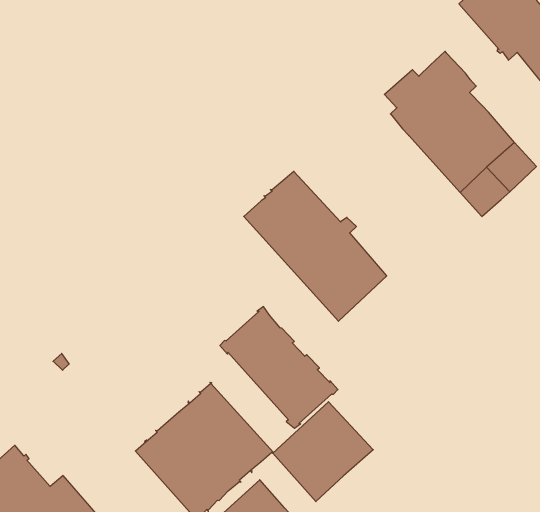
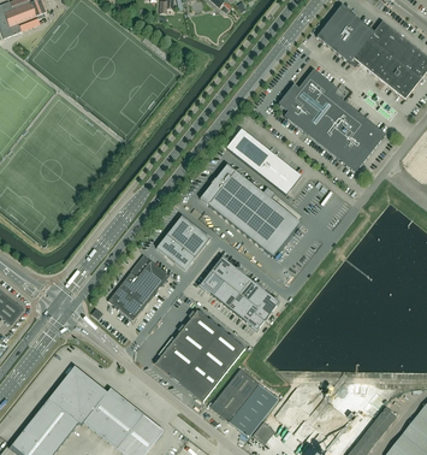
building: none -> [226,128,301,194]
building: none -> [156,214,210,268]
building: none -> [108,253,168,319]
building: [273,402,373,502] -> none

